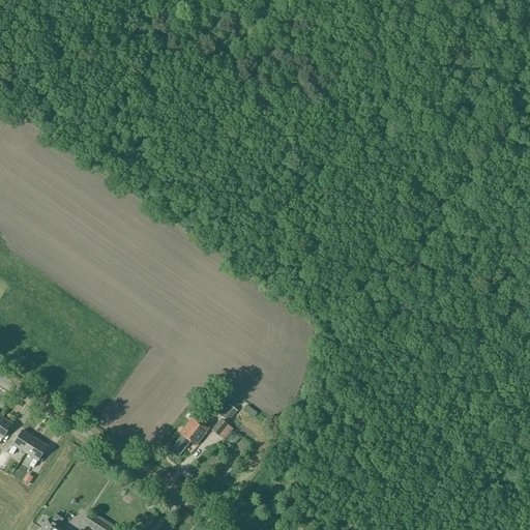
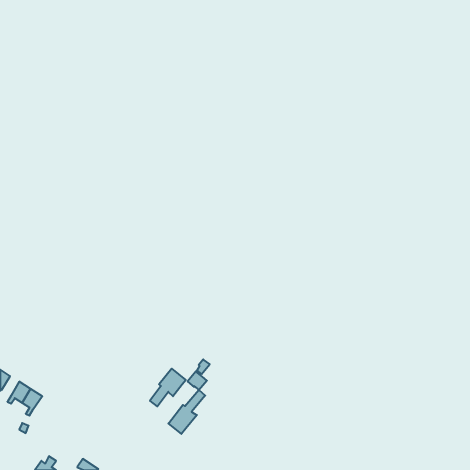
building: none -> [168,390,205,434]

